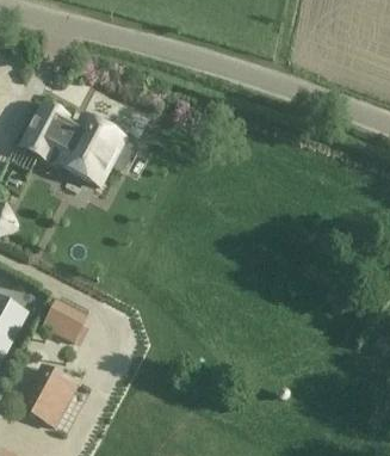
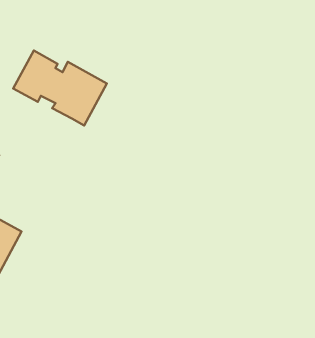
building: [44,303,86,340] -> none
building: [23,366,76,429] -> none

